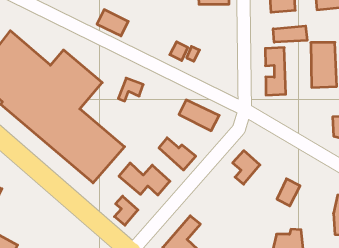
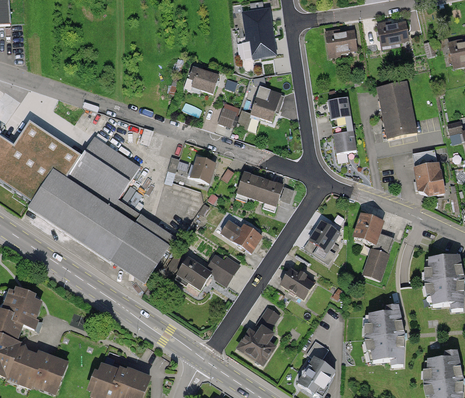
building: [97,10,128,36] -> [187,67,223,95]
building: [273,26,307,42] -> none
building: none -> [250,89,284,119]
building: none -> [190,156,215,181]
building: none -> [351,213,384,245]
building: none -> [279,267,314,299]
building: [114,196,138,225] -> none

